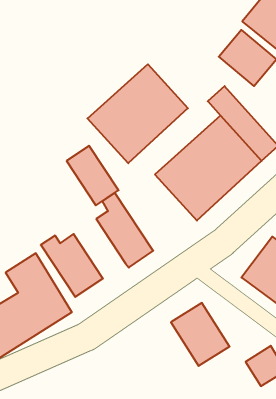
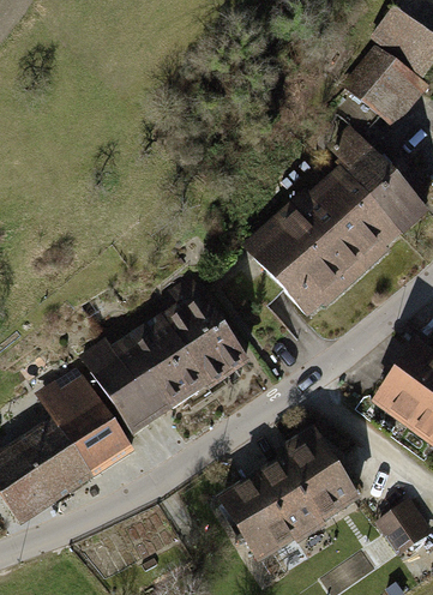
building: [87,64,188,163] -> none
building: [67,146,119,205] -> [133,315,208,401]
building: none -> [221,463,312,559]

